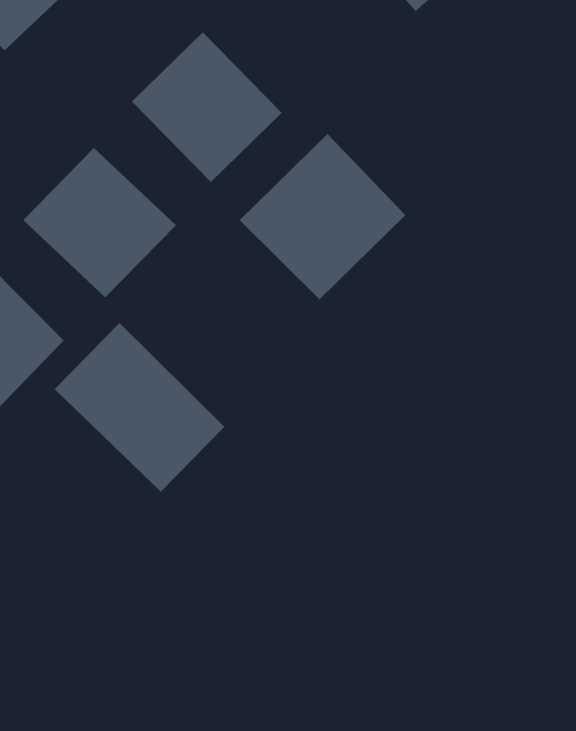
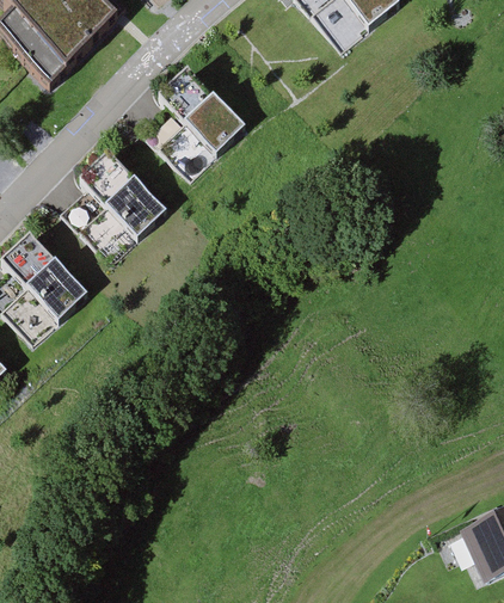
building: [239,133,406,300] -> none
building: [54,322,225,492] -> none

